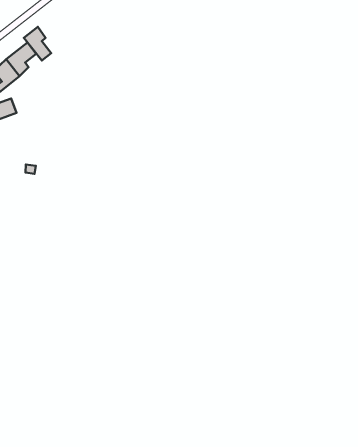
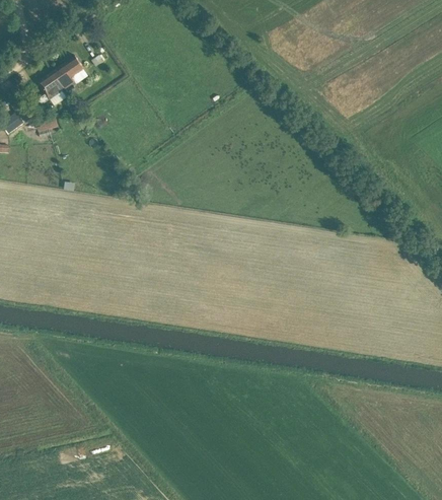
building: [24,27,51,61] -> none

